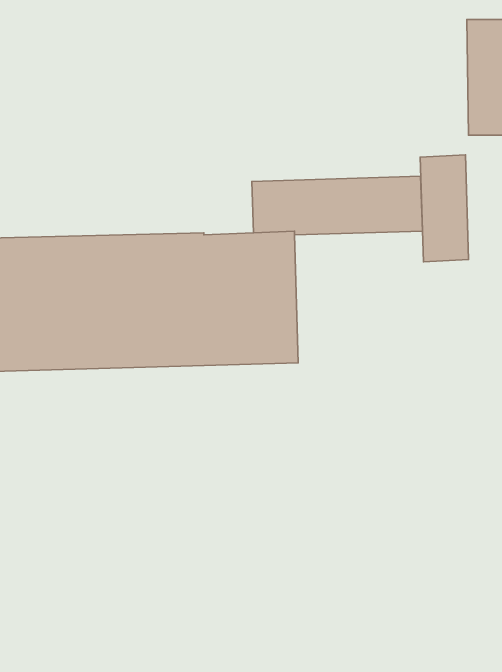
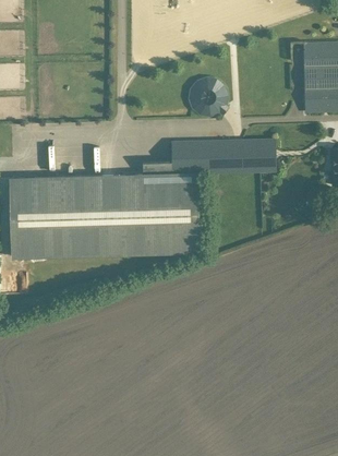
building: none -> [189,77,227,117]
building: [420,155,469,262] -> none

